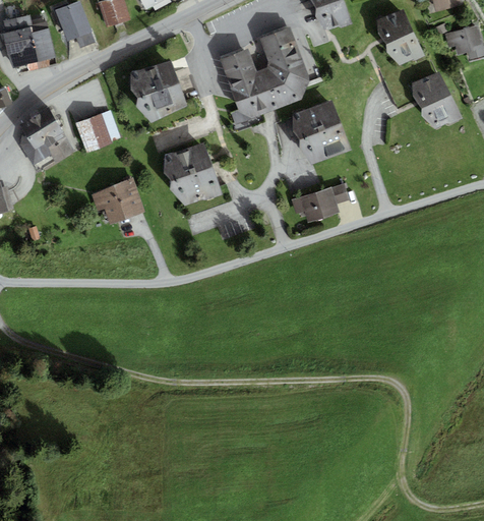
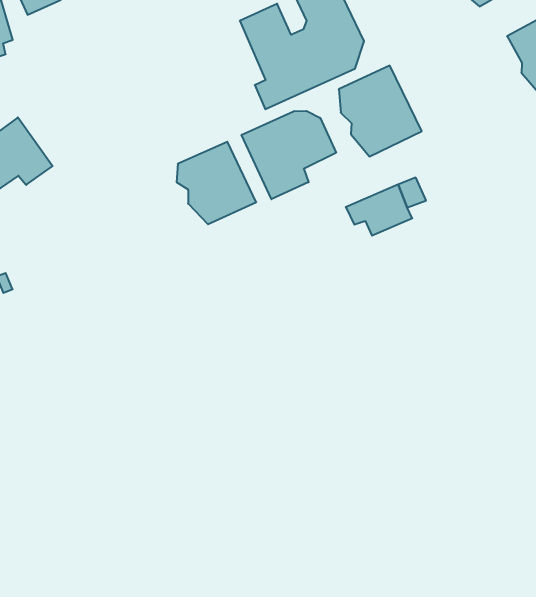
building: [131,61,187,121] -> none
building: [77,113,118,150] -> none
building: none -> [242,111,336,199]
building: [88,178,140,223] -> none

